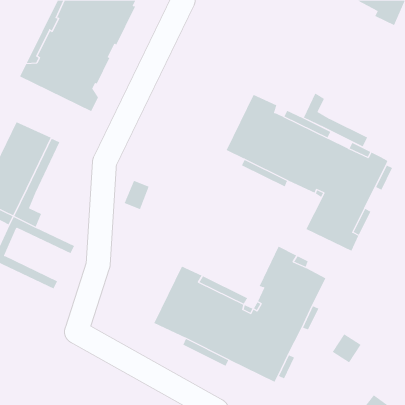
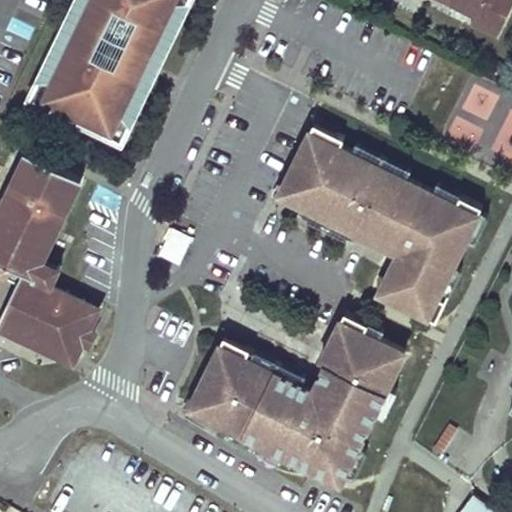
building: [303,93,368,147] -> none
building: none -> [6,291,88,357]

